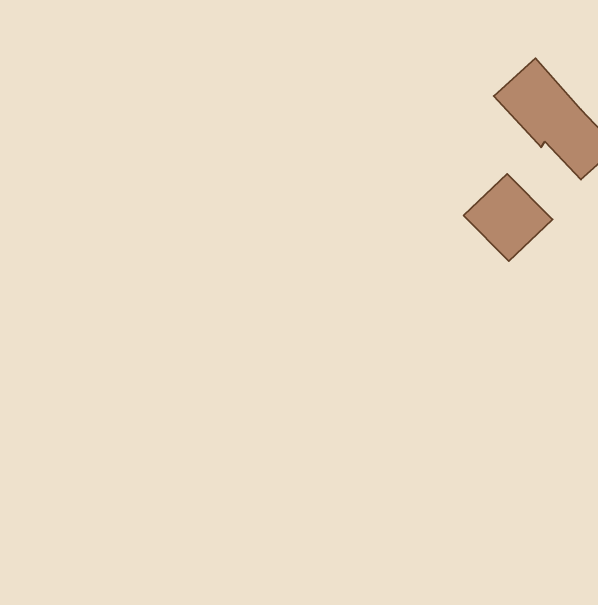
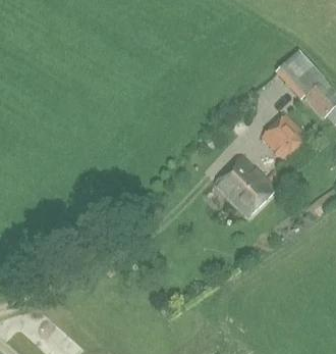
building: none -> [215,155,275,215]

